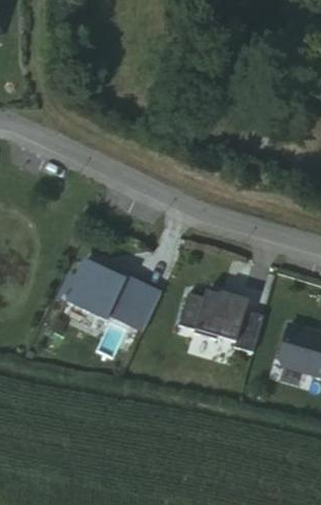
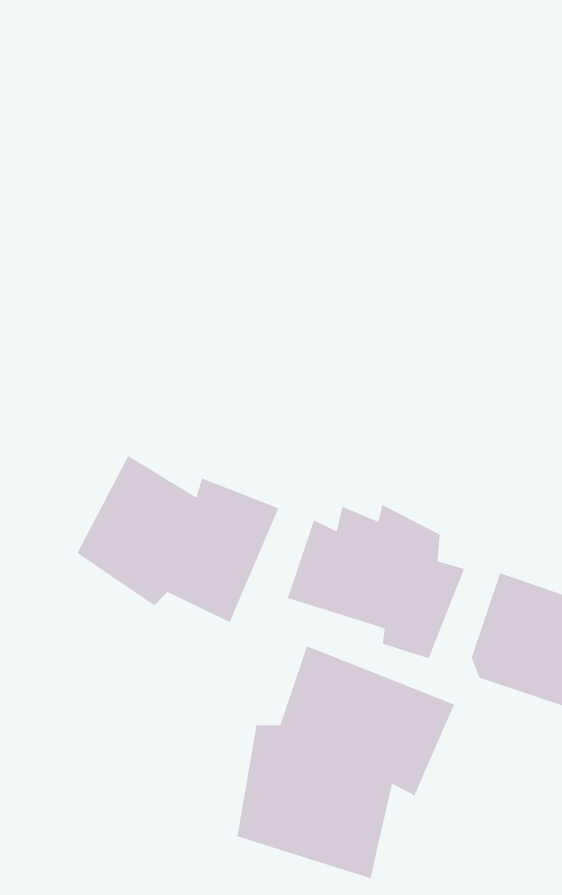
building: none -> [236,645,455,879]

